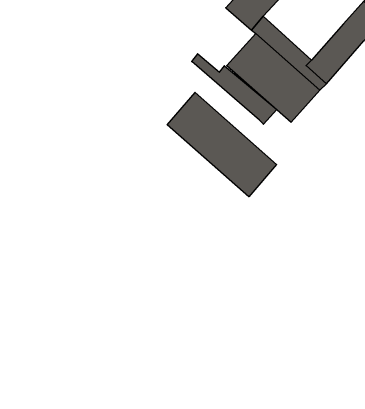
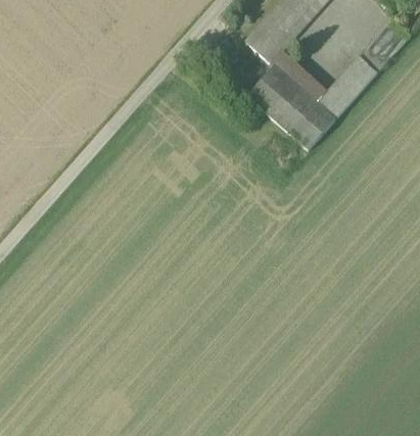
building: [192,54,277,124] -> none
building: [167,92,277,197] -> none

